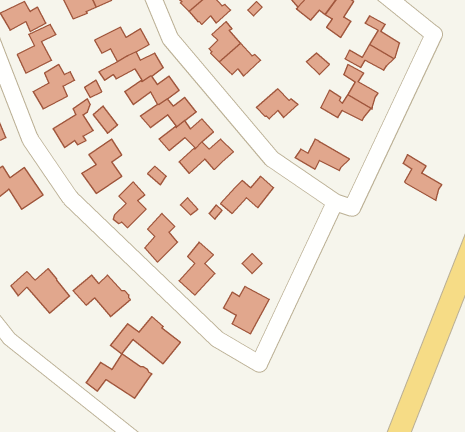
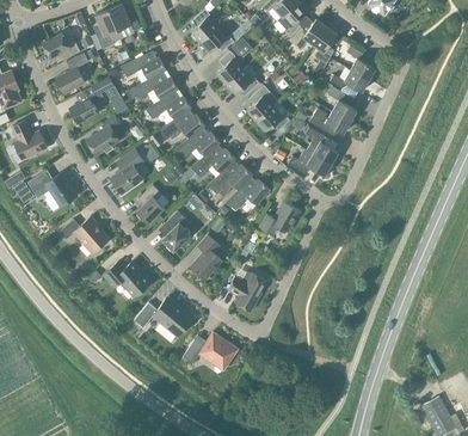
building: none -> [247,87,278,122]
building: [403,155,442,200] -> [306,127,338,165]
building: none -> [208,164,253,196]
building: none -> [259,201,300,234]
building: [11,269,70,313] -> [60,216,109,253]
building: [86,354,152,398] -> [183,332,238,369]

